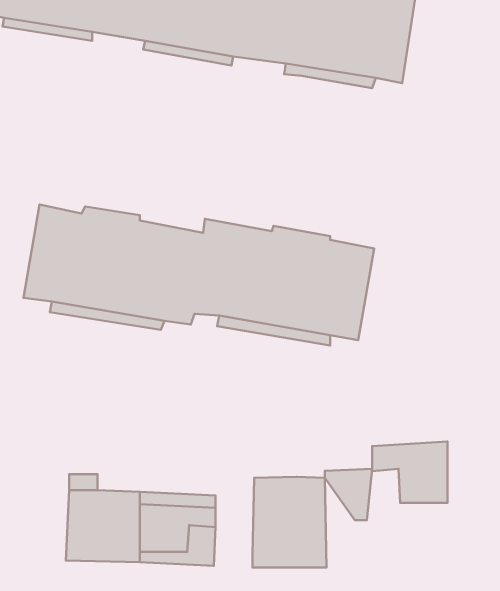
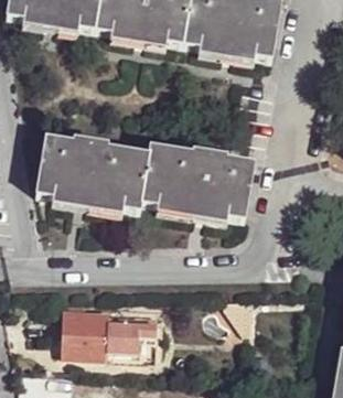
building: [372,442,447,503] -> none
building: [252,477,327,568] -> none

